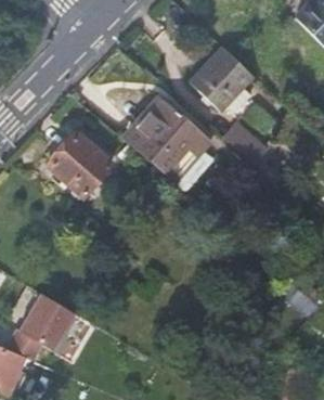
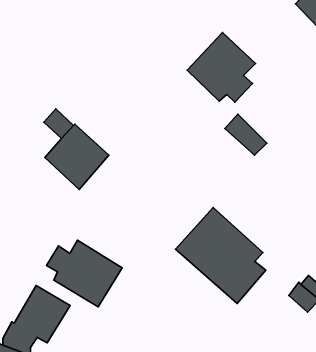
building: [125,98,213,192] -> [176,207,266,303]
building: none -> [47,240,122,307]

